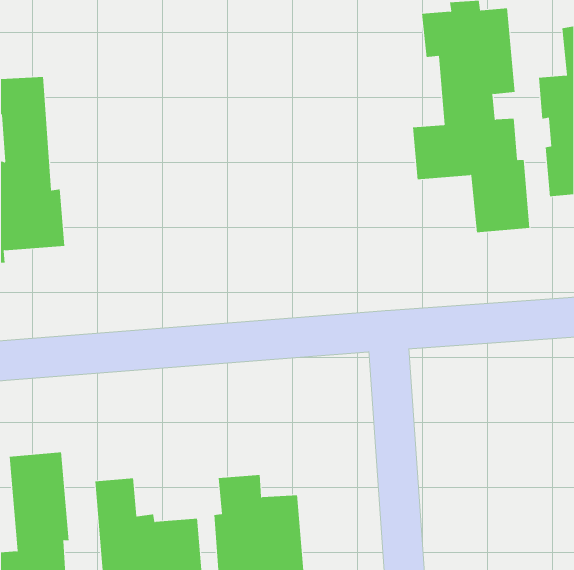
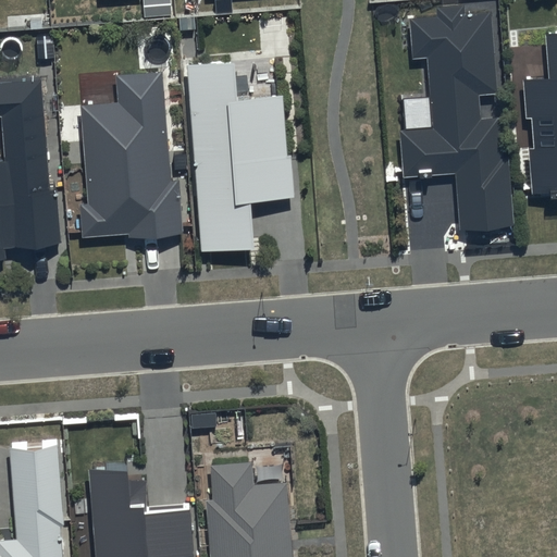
building: none -> [183,60,297,251]
building: none -> [81,73,185,239]

